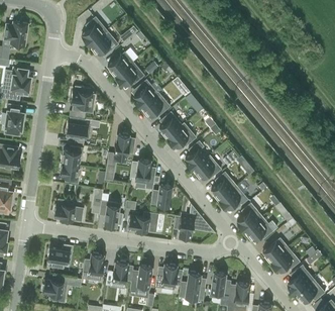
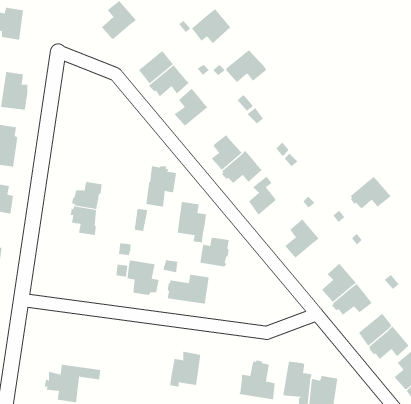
building: [90,31,118,57] -> [191,9,231,44]
building: [71,86,95,113] -> none
building: [141,93,171,116] -> [225,50,267,83]
building: [67,117,90,138] -> none
building: [193,156,221,180] -> none
building: [219,186,248,209] -> [350,176,391,209]
building: [53,199,83,221] -> none
building: [174,213,194,238] -> none
building: [47,244,73,269] -> none
building: [82,253,104,281] -> none
building: [112,262,133,288] -> none
building: [155,265,183,289] -> none

